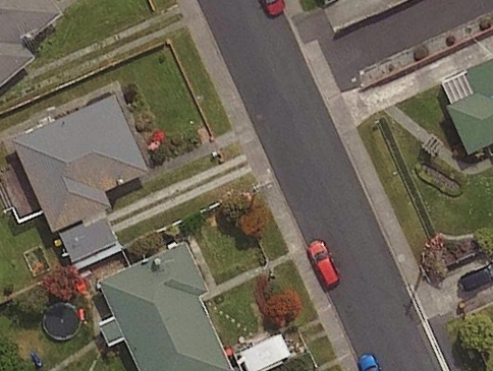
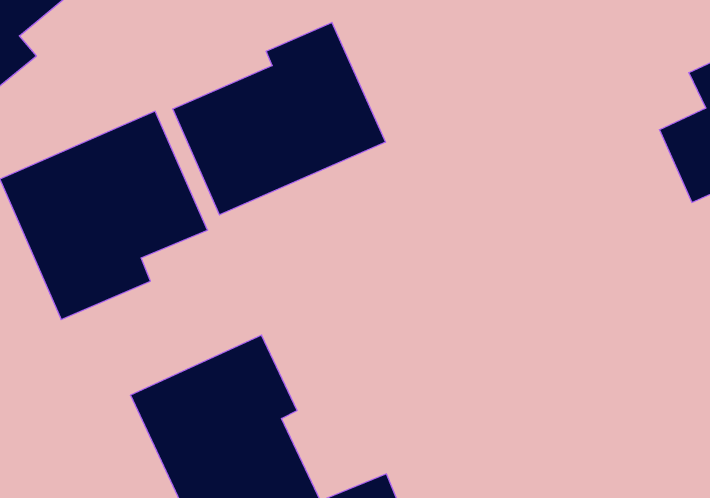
building: none -> [173,22,385,215]

